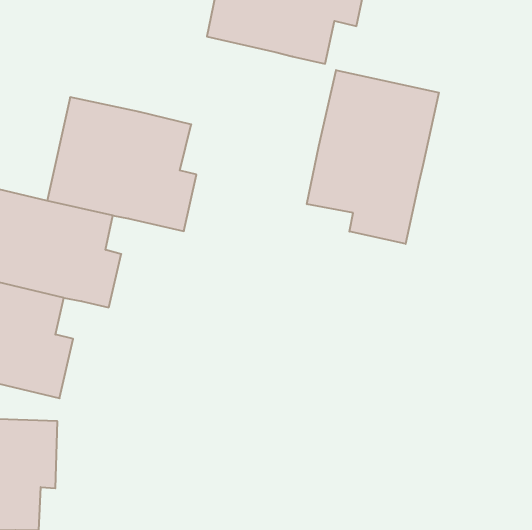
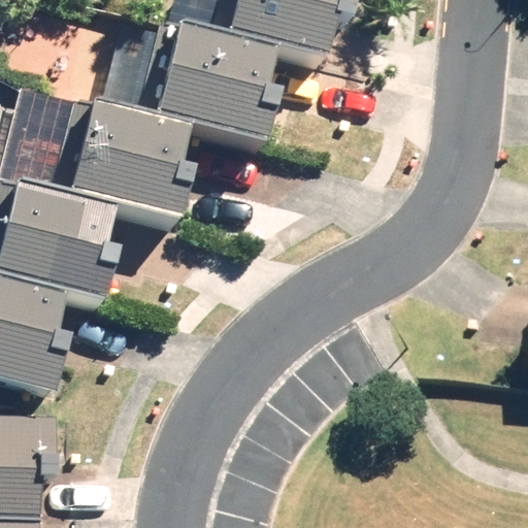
building: none -> [137,26,280,140]
building: [307,70,439,244] -> none

